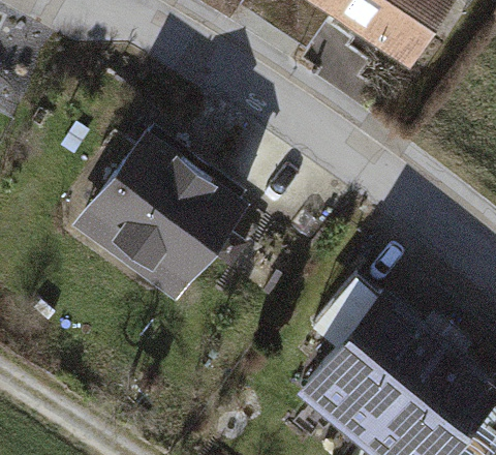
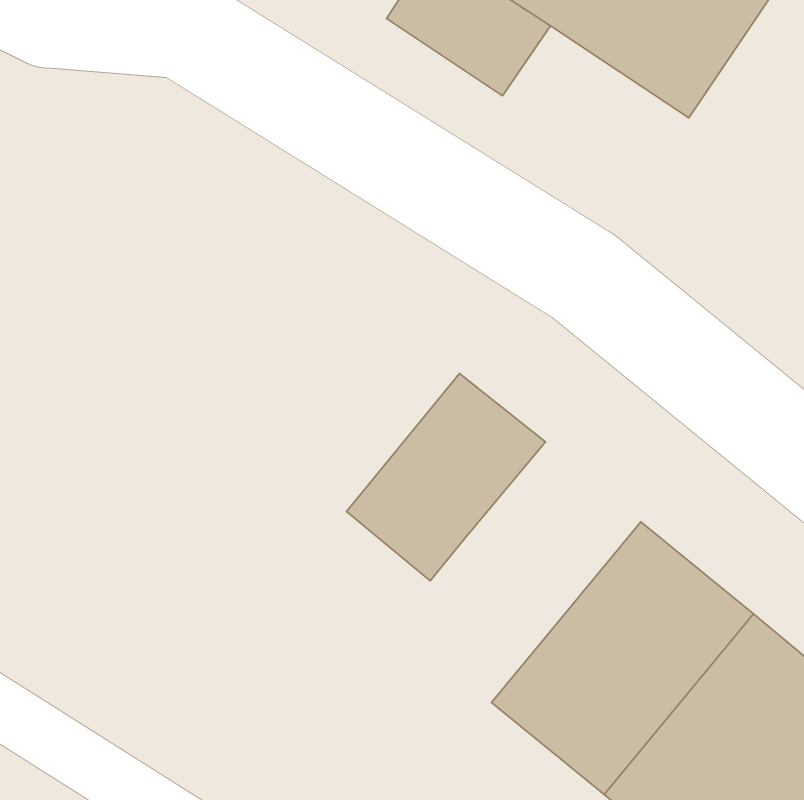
building: [67,126,238,296] -> none
building: none -> [347,373,545,581]

